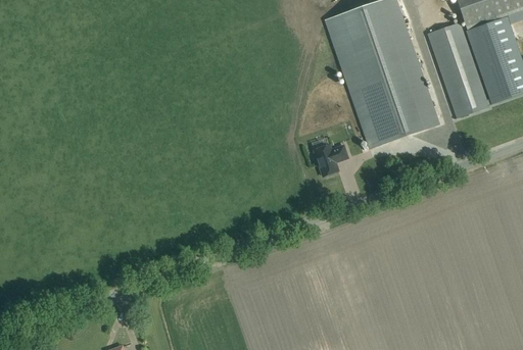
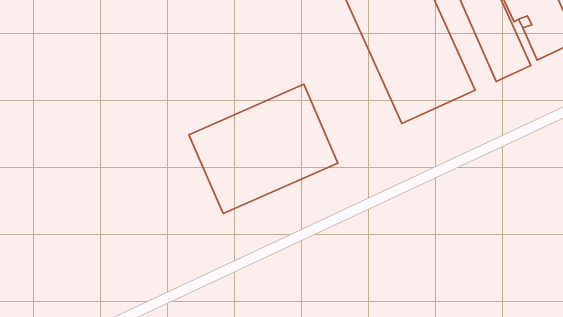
building: none -> [189,84,338,214]
building: [314,145,347,176] -> none

